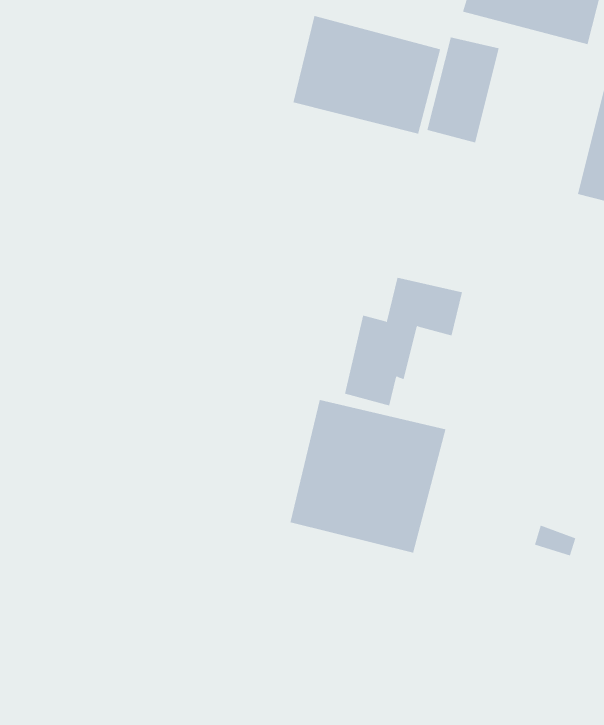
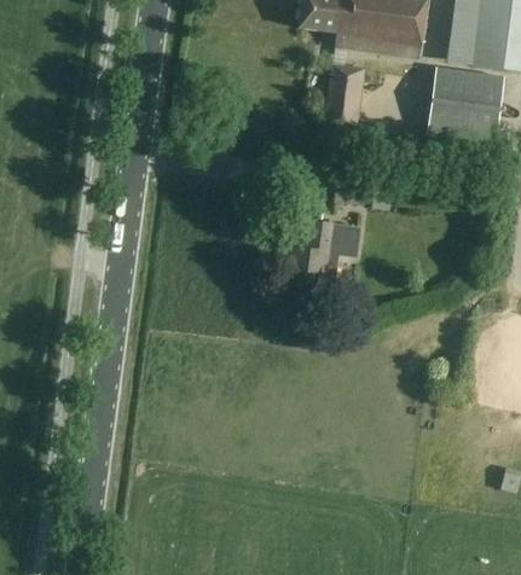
building: [293,15,441,134] -> none
building: [290,399,446,554] -> none

